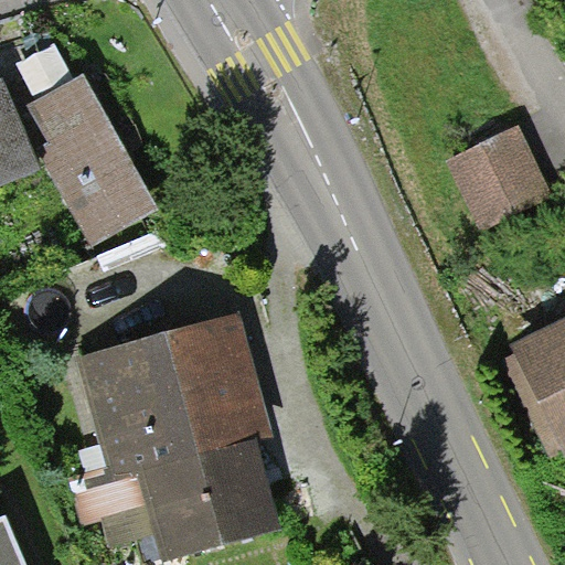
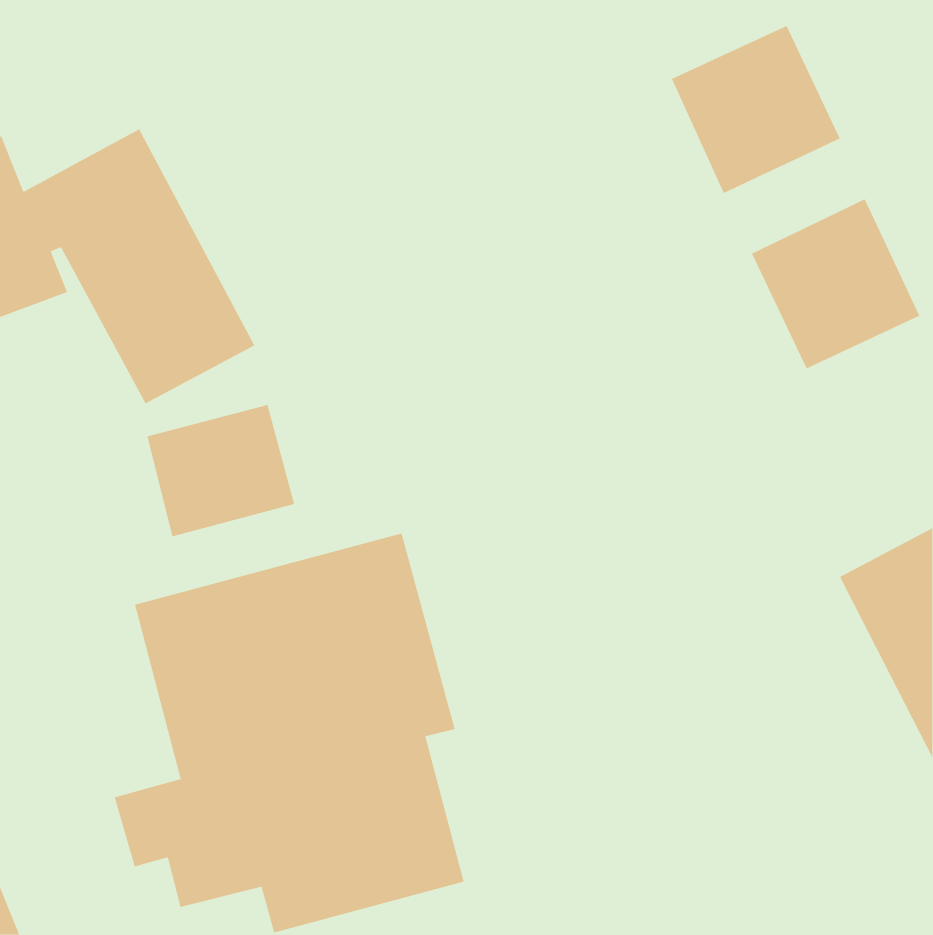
building: none -> [671,25,840,194]
building: none -> [147,404,295,537]

